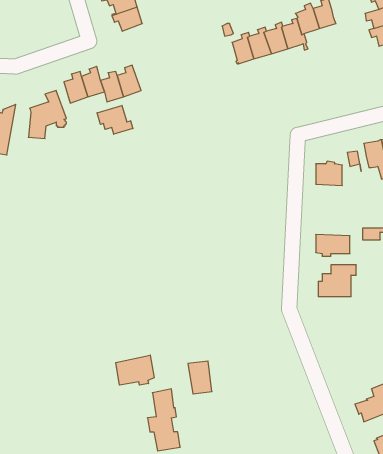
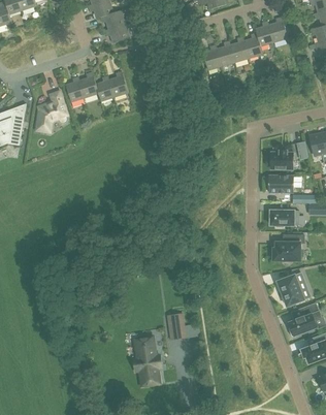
building: [97,105,133,134] -> none
building: none -> [268,174,293,191]
building: none -> [276,273,304,305]
building: none -> [288,301,321,336]
building: [116,355,154,385] -> none

